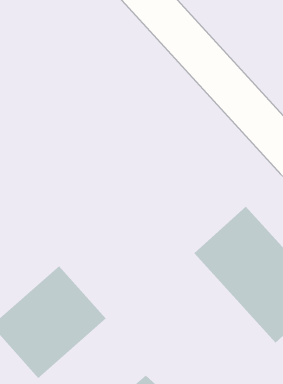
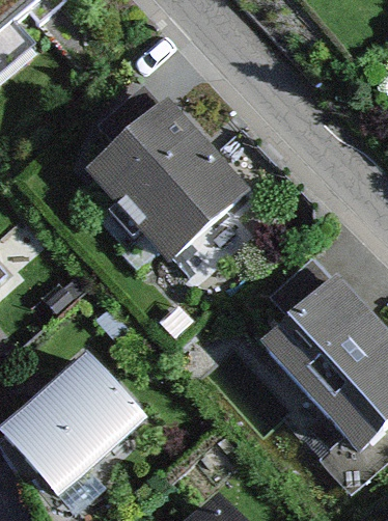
building: none -> [89,93,257,262]

